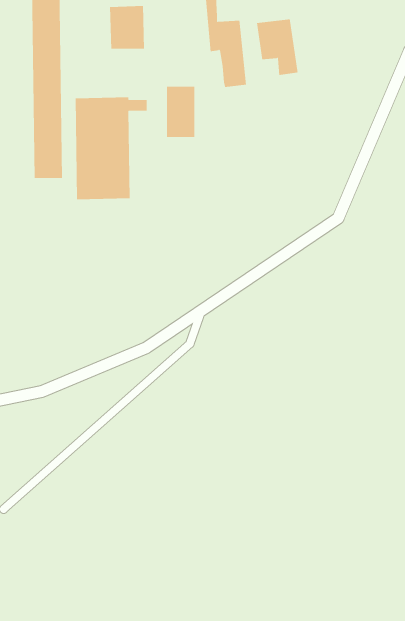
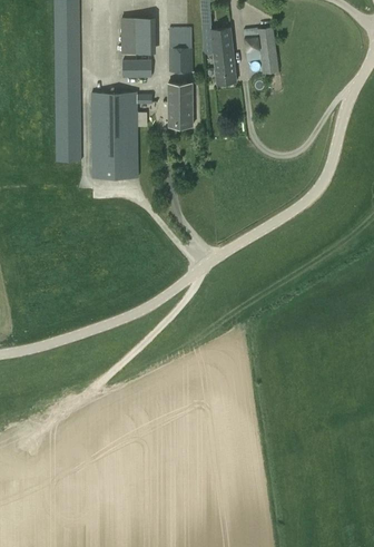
building: none -> [170,29,191,72]
building: none -> [122,60,151,78]

